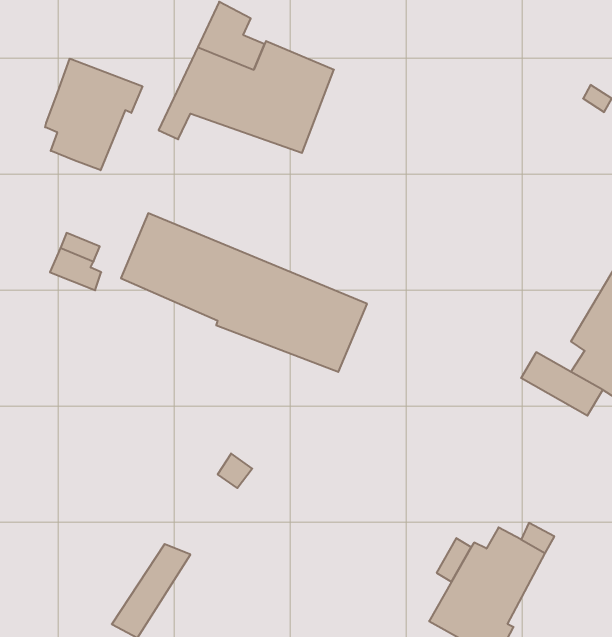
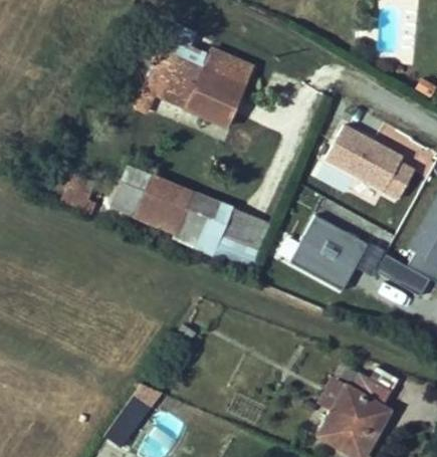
building: [45,59,142,170] -> none
building: none -> [326,124,416,200]
building: none -> [289,216,369,292]

